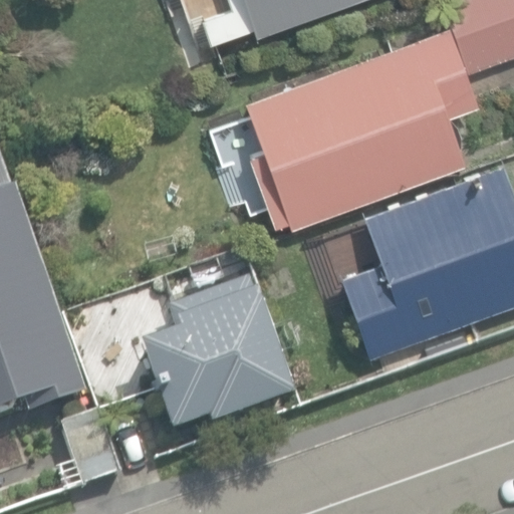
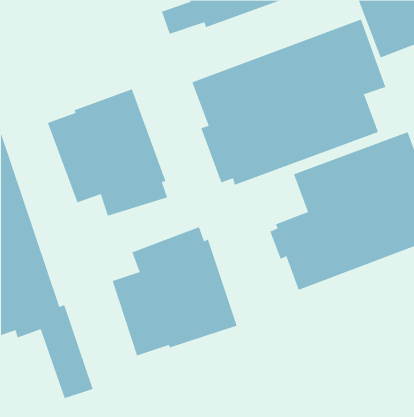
building: none -> [47,88,168,217]

